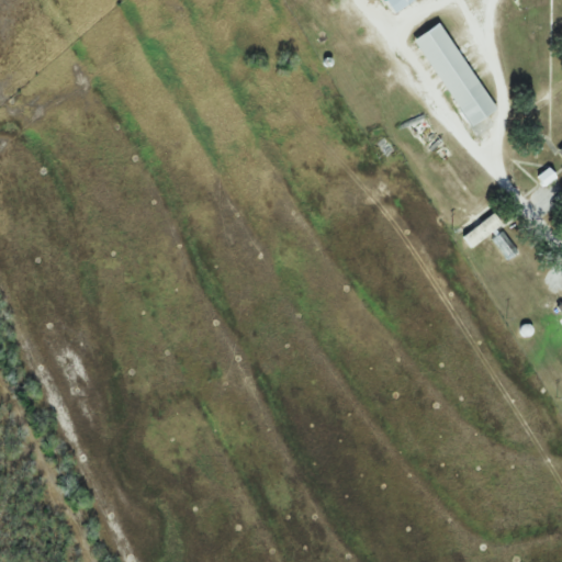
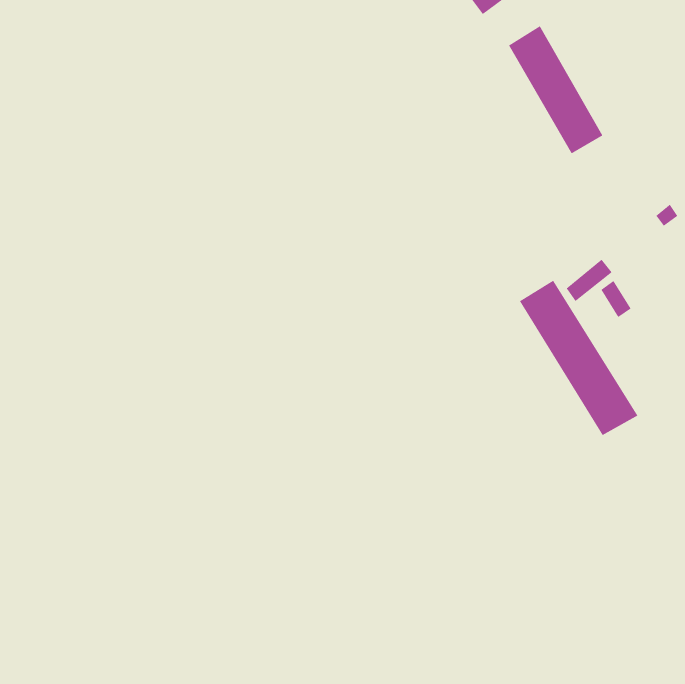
building: none -> [519,280,638,436]

